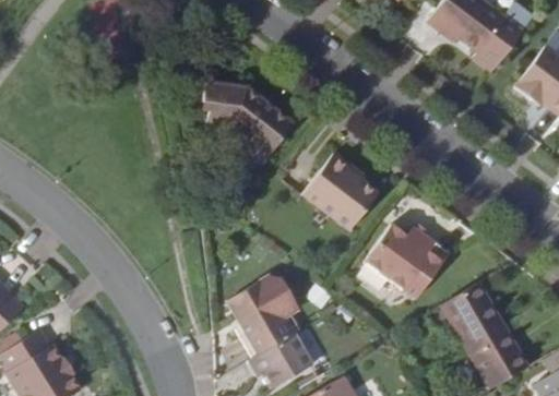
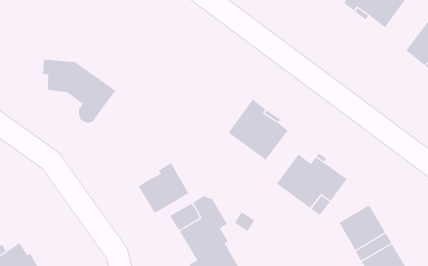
building: [197,82,288,161] -> [42,59,116,123]
building: none -> [138,162,189,214]

